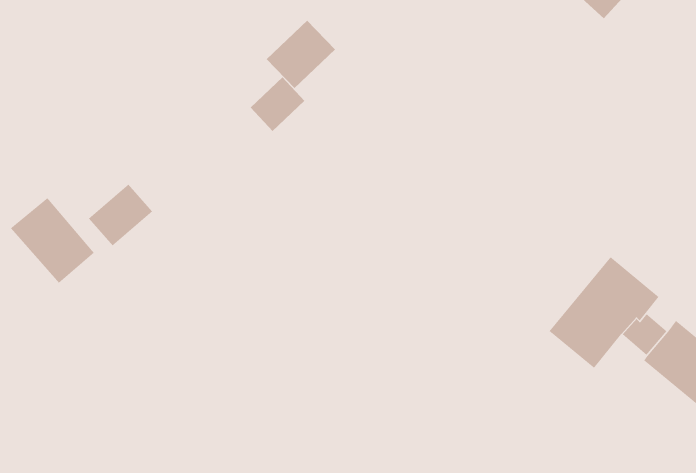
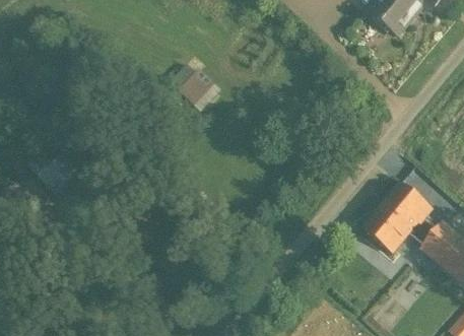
building: [266,20,336,89] -> none
building: [88,183,153,247] -> none

